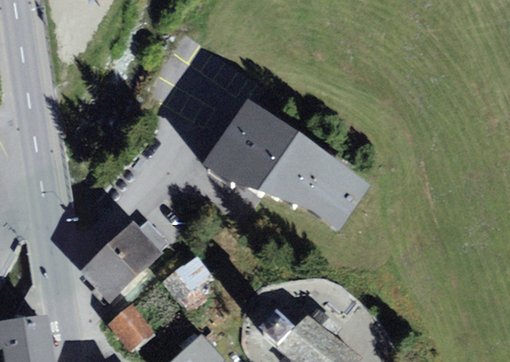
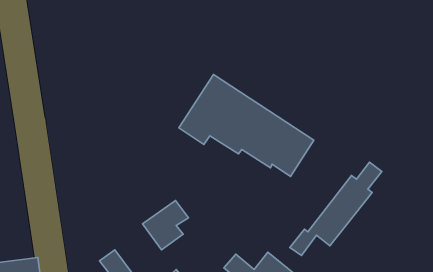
building: none -> [290,162,382,255]
building: [82,221,153,291] -> none

